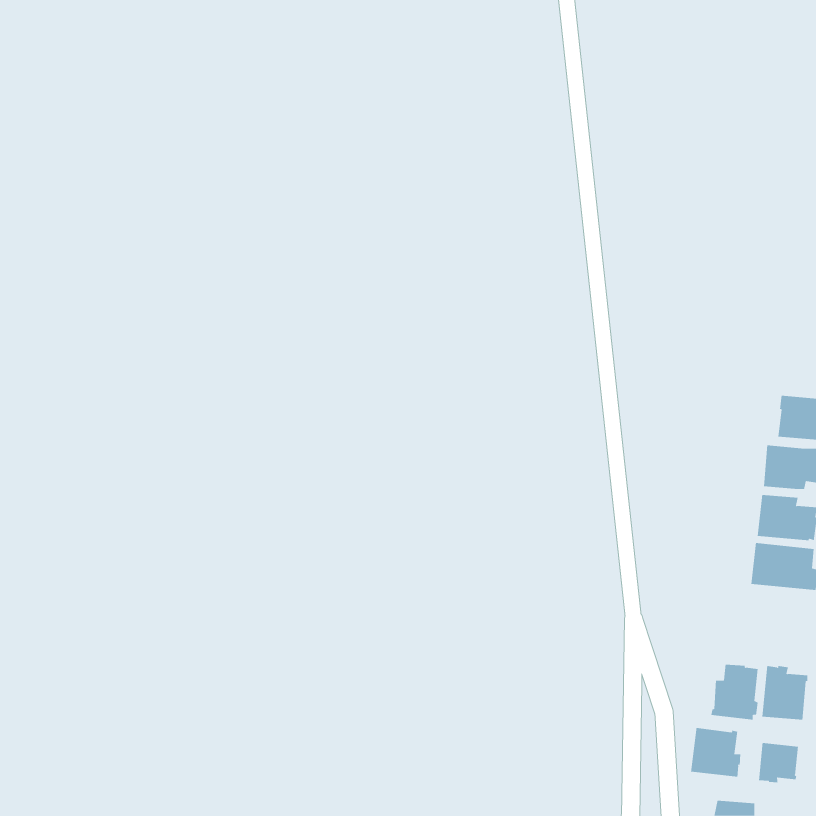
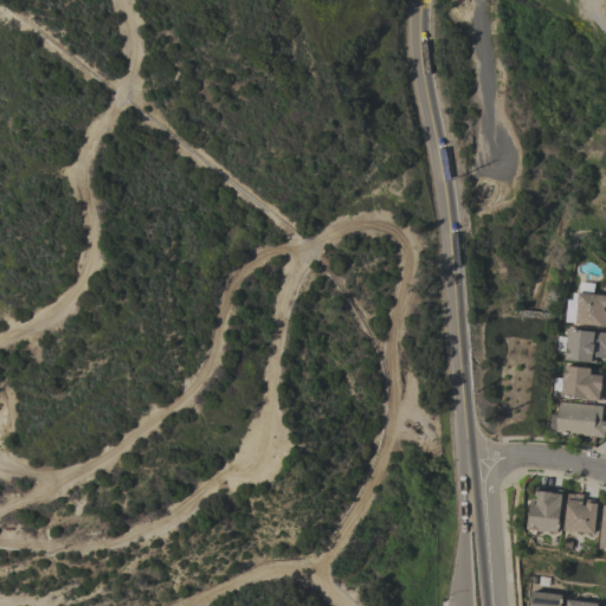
building: [691,727,741,778] -> none
building: [758,742,799,783] -> none

